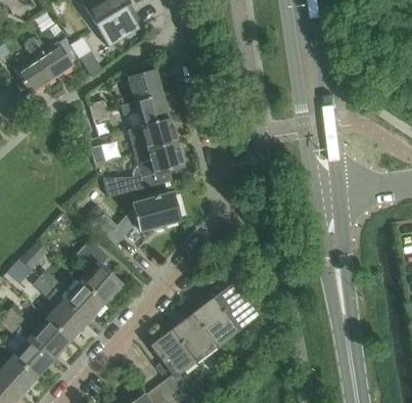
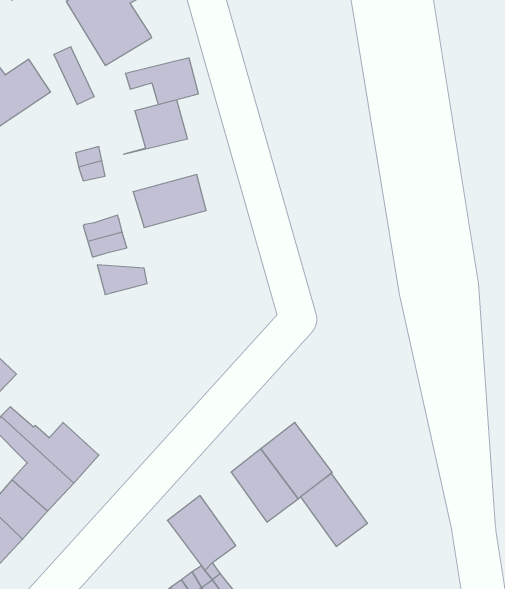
building: [122,95,170,126] -> [125,58,198,105]
building: [135,142,183,177] -> none
building: [94,192,181,244] -> none
building: [77,239,123,303] -> none
building: [172,314,216,362] -> [301,473,367,547]

